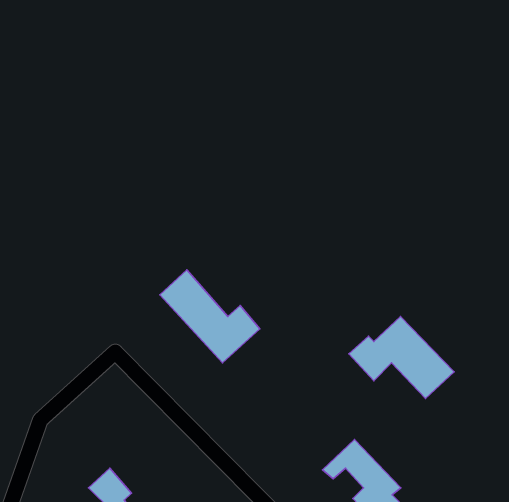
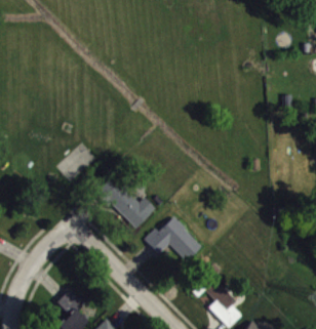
building: [349,316,454,399] -> [145,217,205,264]

